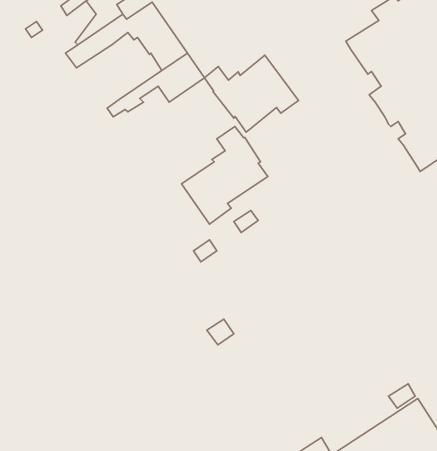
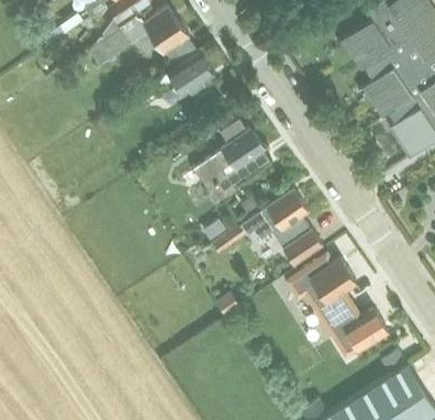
building: [205,55,298,132] -> none
building: none -> [212,189,322,264]
building: none -> [285,253,388,361]

